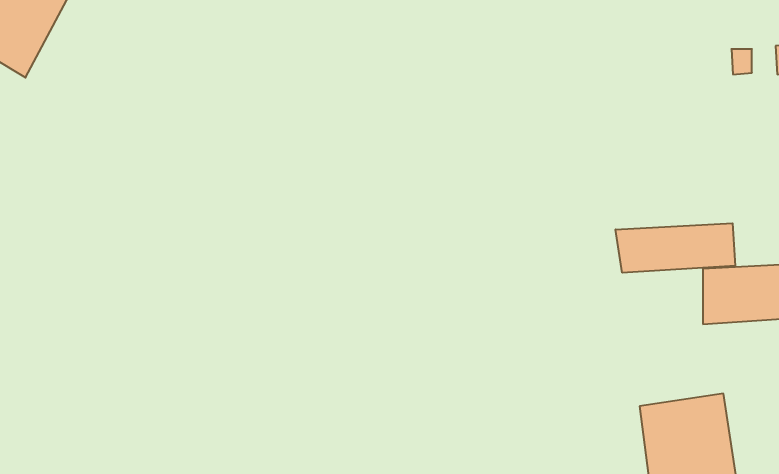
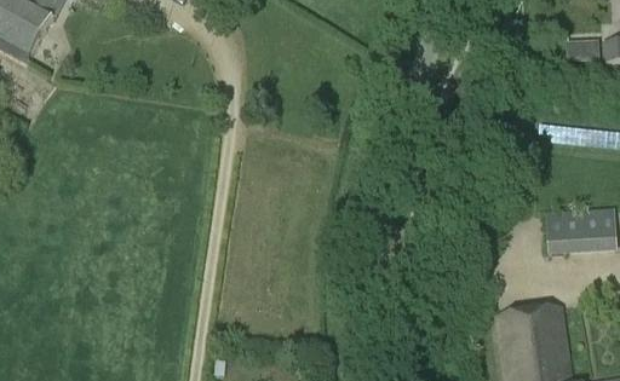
building: [616,223,735,273] -> none

